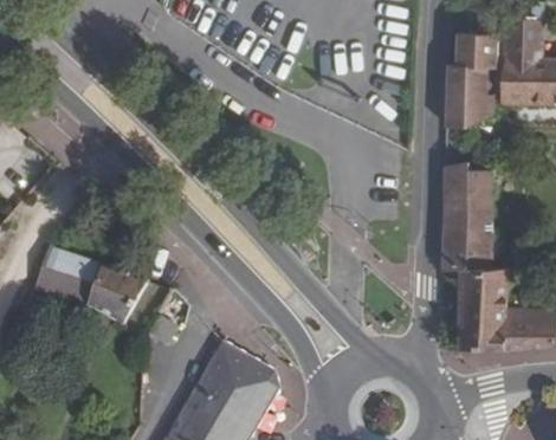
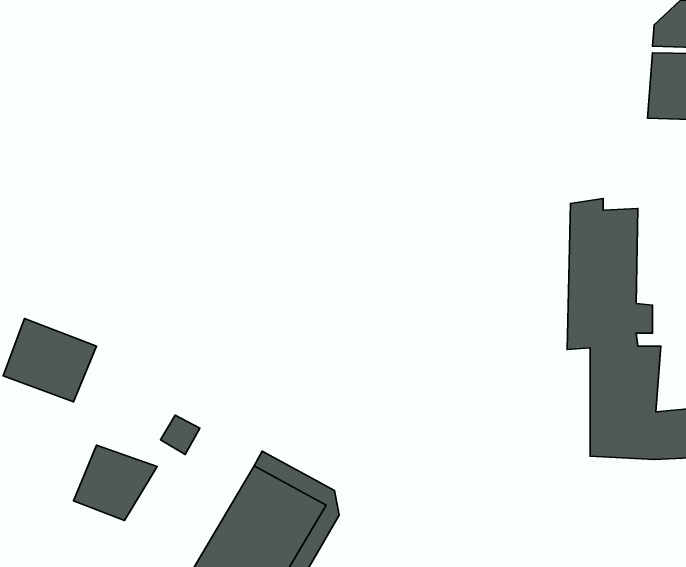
building: [446,32,498,119] -> none
building: [86,266,147,321] -> [74,445,157,521]

